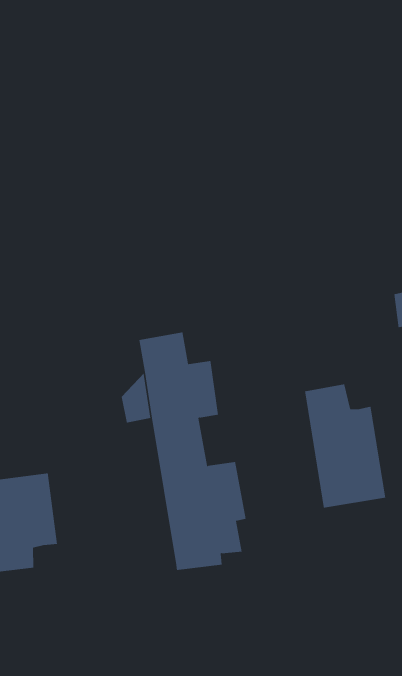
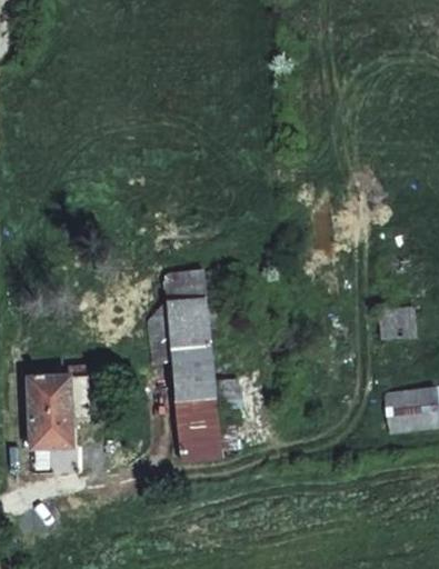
building: [305,383,386,508] -> none

